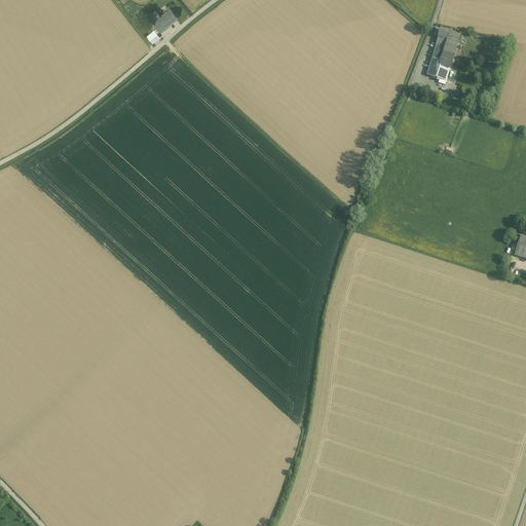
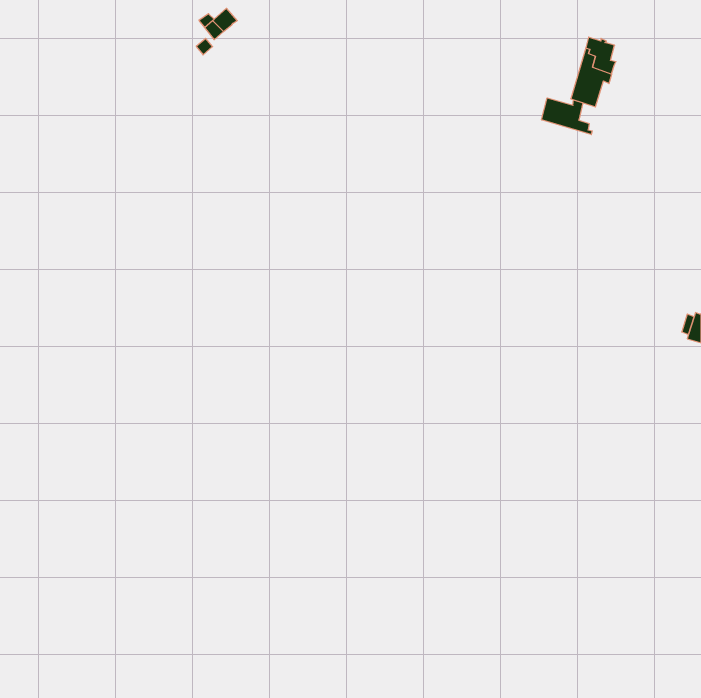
building: none -> [542,98,592,135]

